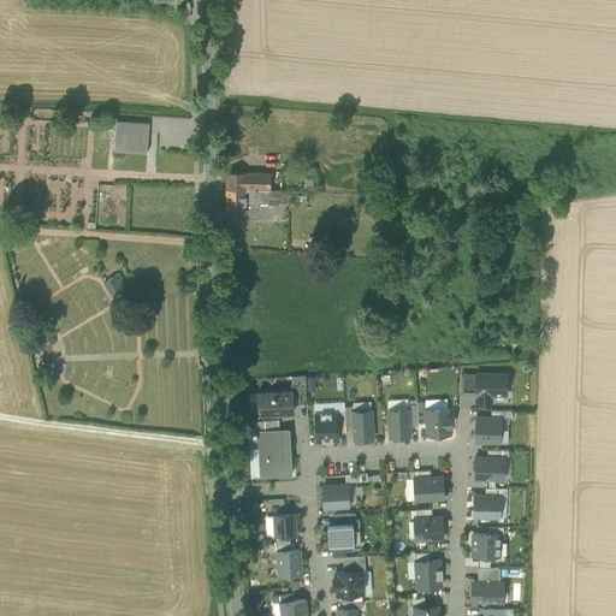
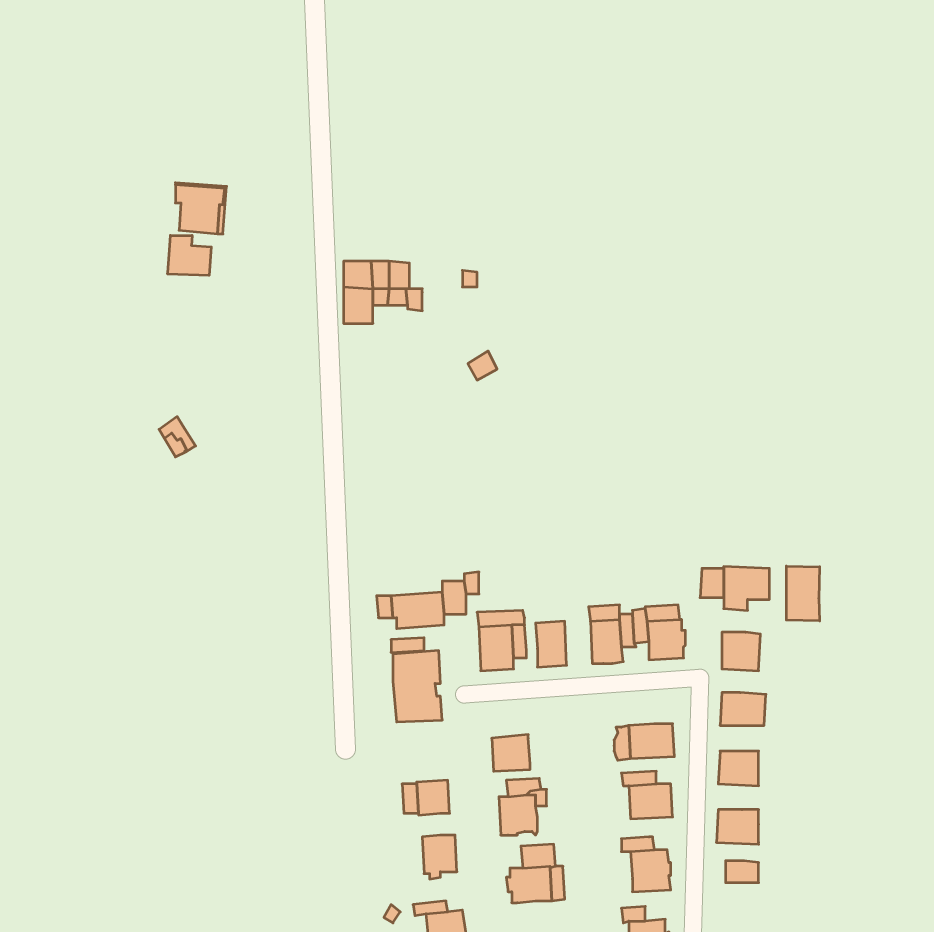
building: none -> [168,235,211,275]
building: none -> [786,566,820,621]
building: [472,582,503,602] -> none

